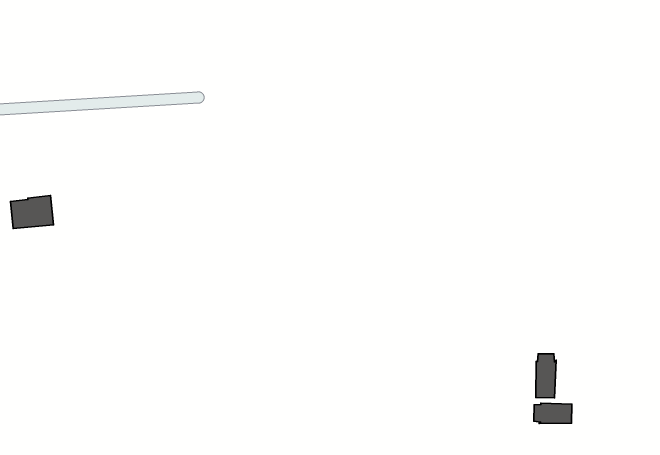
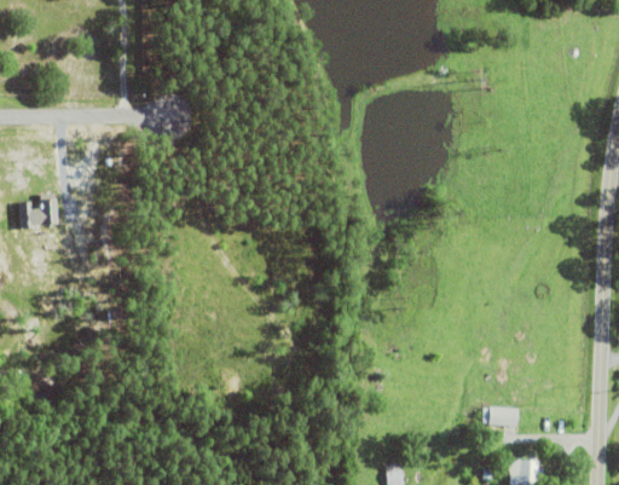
building: [536,354,556,398] -> none

